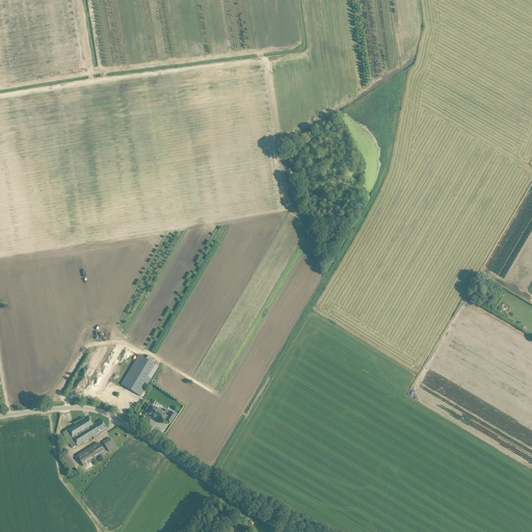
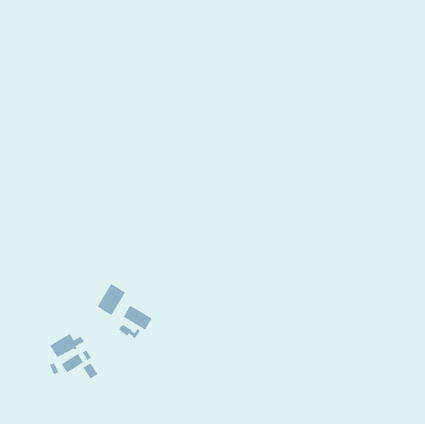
building: none -> [123,305,152,331]

